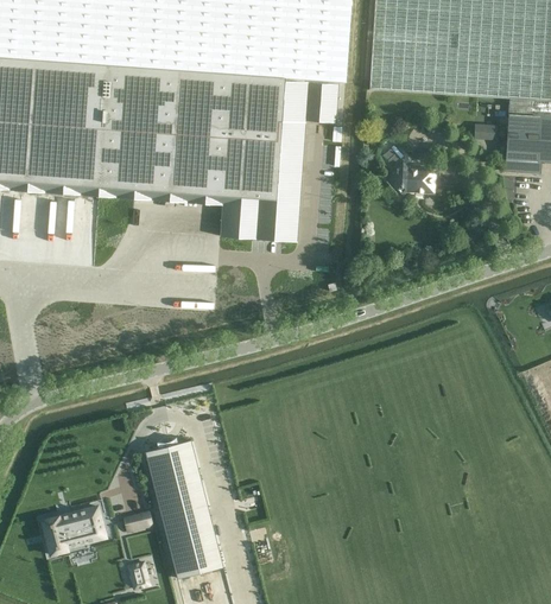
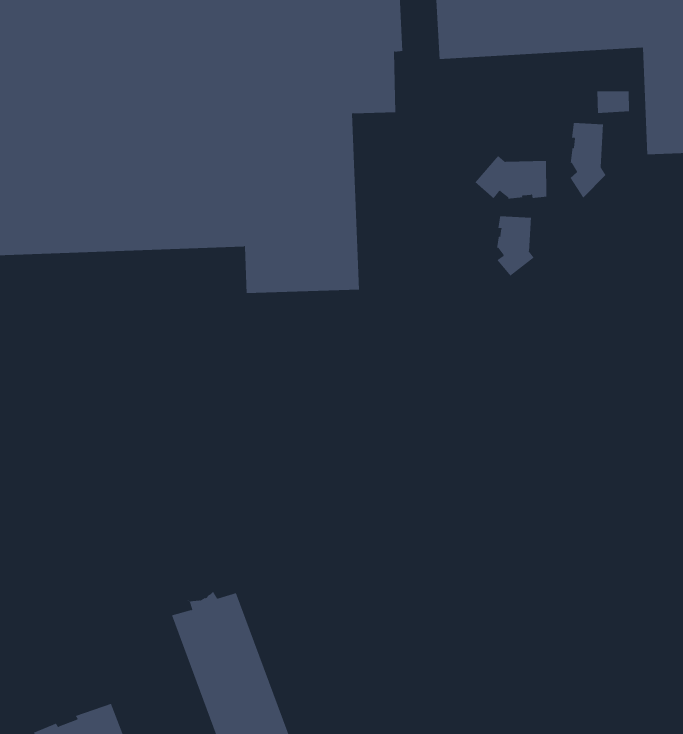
building: none -> [570,122,606,199]
building: none -> [496,216,535,276]

